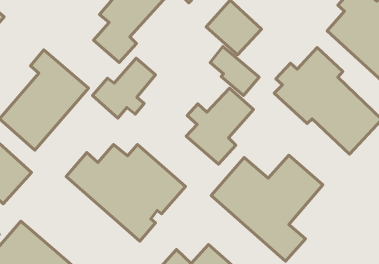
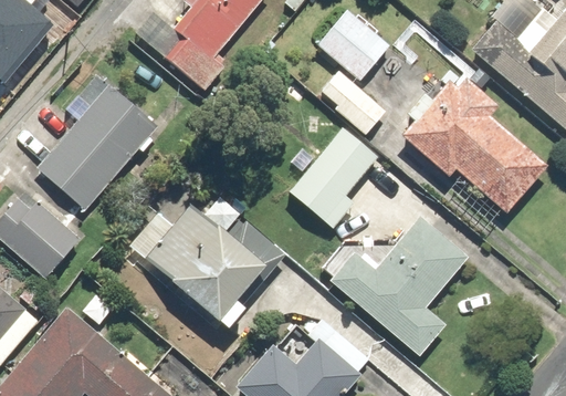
building: [93,58,155,118] -> none

